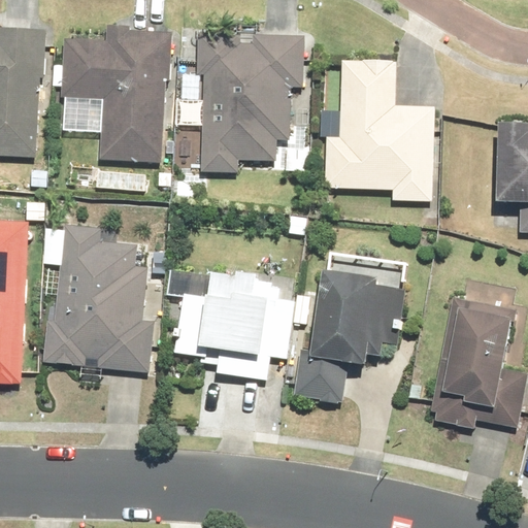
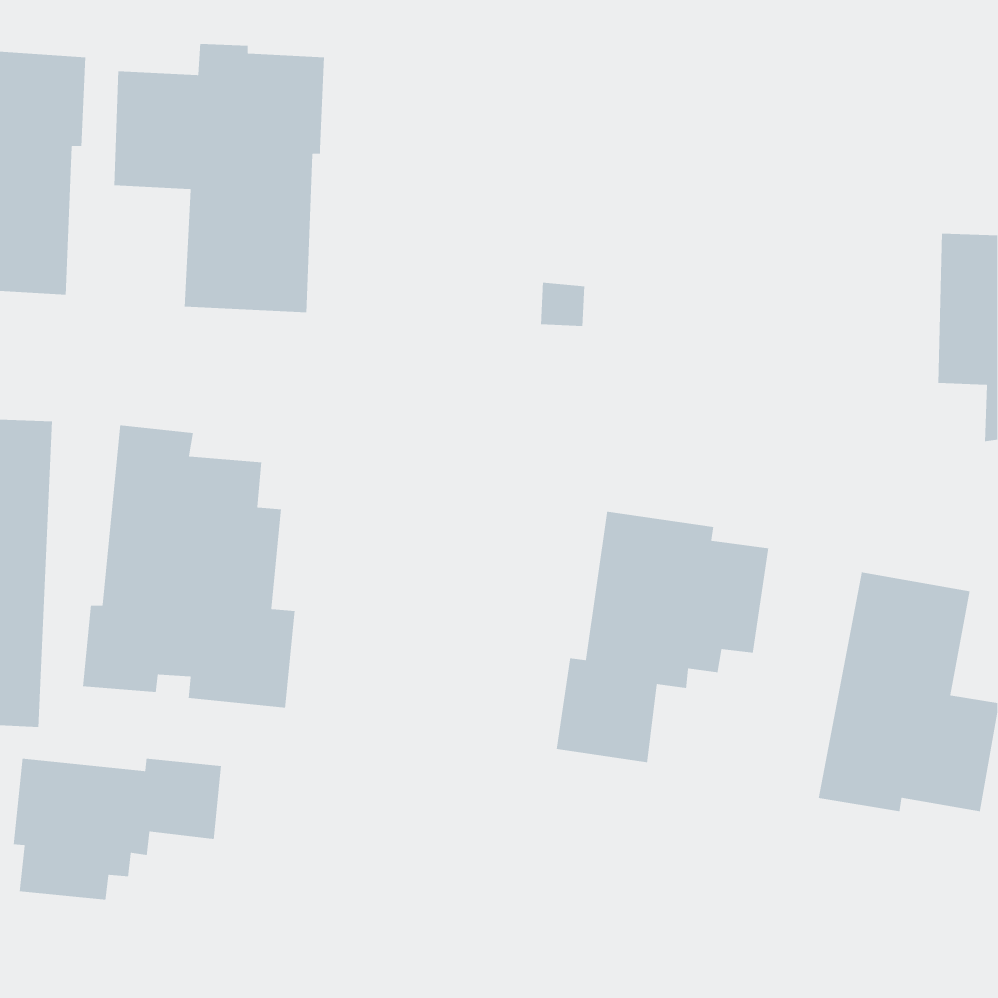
building: [198,28,307,170] -> none
building: [325,60,434,201] -> none
building: [173,271,280,382] -> none
building: none -> [13,758,222,901]

